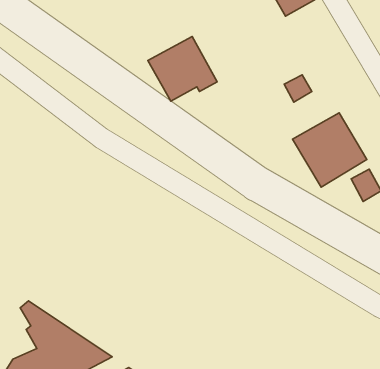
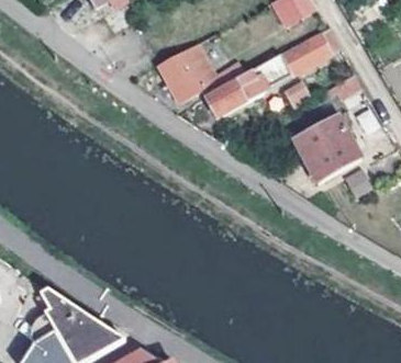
building: none -> [207,27,341,117]

